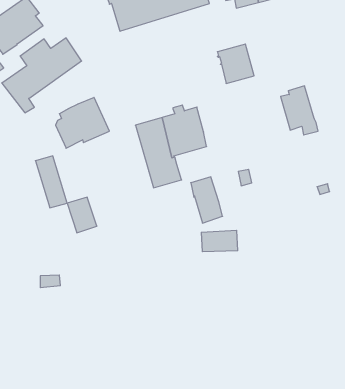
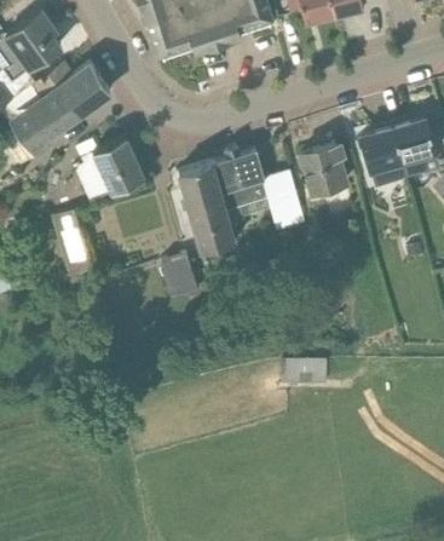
building: [217,44,254,83] -> [300,144,346,194]
building: none -> [392,117,437,182]
building: [191,177,223,223] -> [264,174,304,232]
building: [67,197,97,233] -> [161,255,198,300]
building: [201,230,238,252] -> [284,357,330,384]

